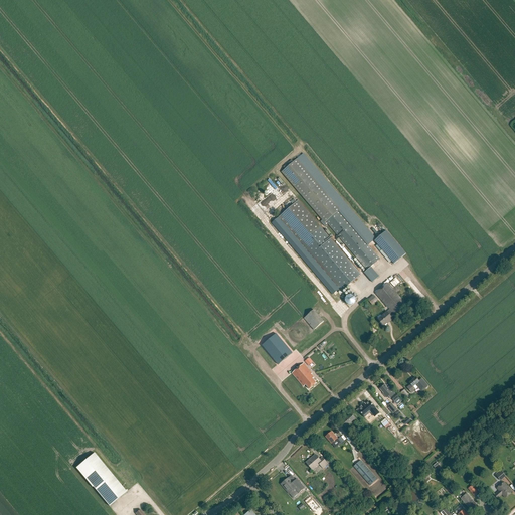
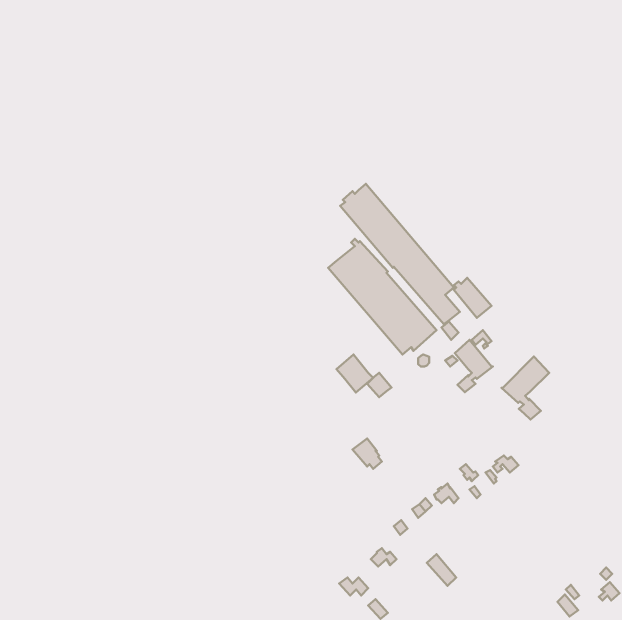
building: none -> [501,356,549,419]
building: [262,332,292,363] -> [336,355,373,392]
building: [75,451,126,504] -> none

